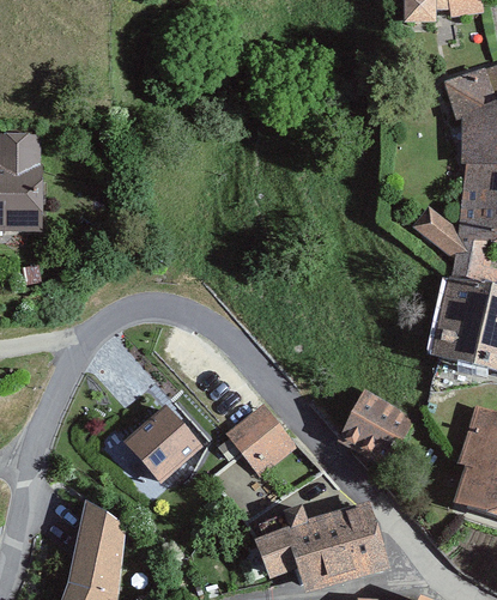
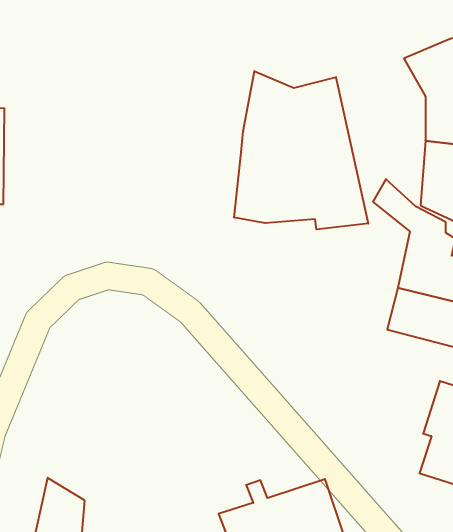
building: none -> [234,71,368,229]
building: [339,393,411,463] -> none
building: [121,407,200,486] -> none
building: [228,407,291,472] -> none

